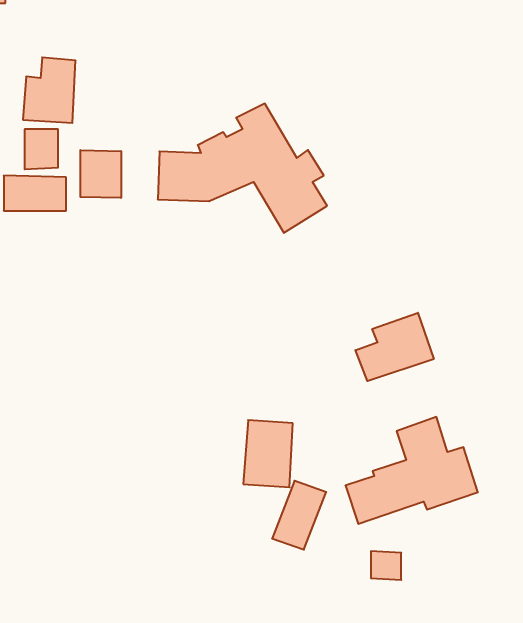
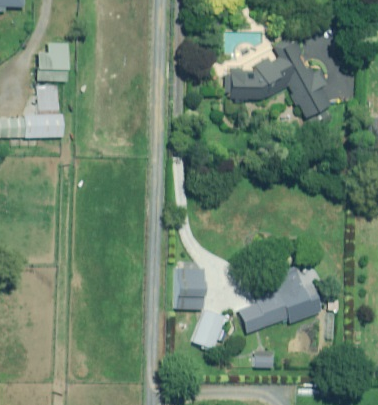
building: [158,104,327,233] -> [226,39,332,120]
building: [80,150,121,198] -> none
building: [355,313,434,381] -> none

